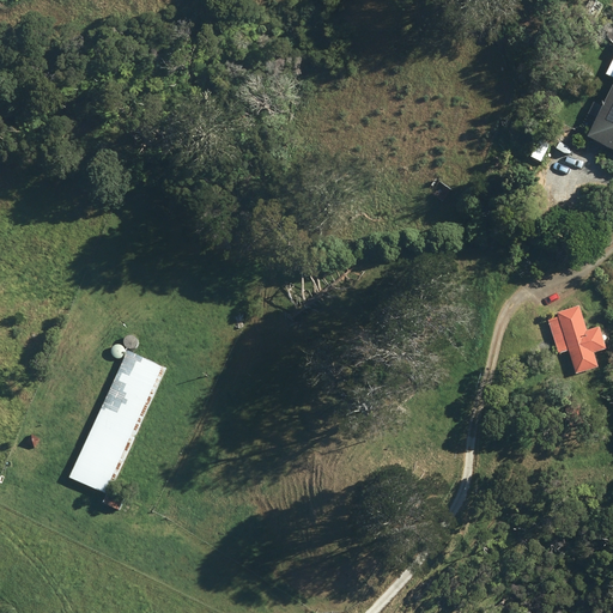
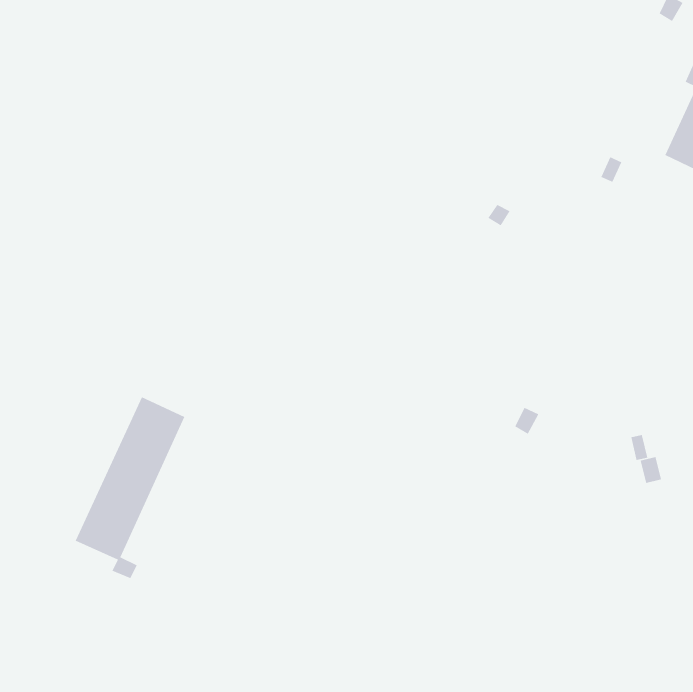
building: [547,304,606,372] -> none

